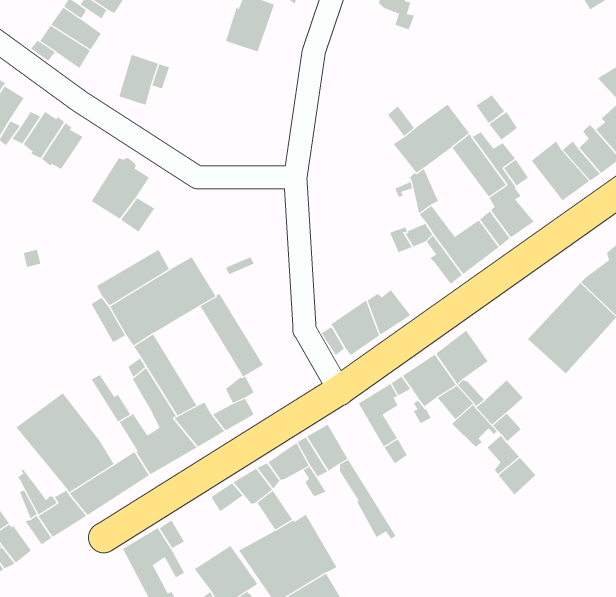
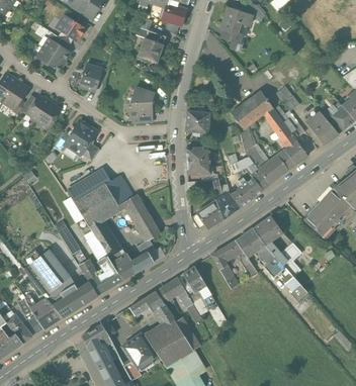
building: none -> [130,88,155,117]
building: none -> [186,105,209,134]
building: none -> [186,147,210,174]
building: none -> [231,178,263,207]

